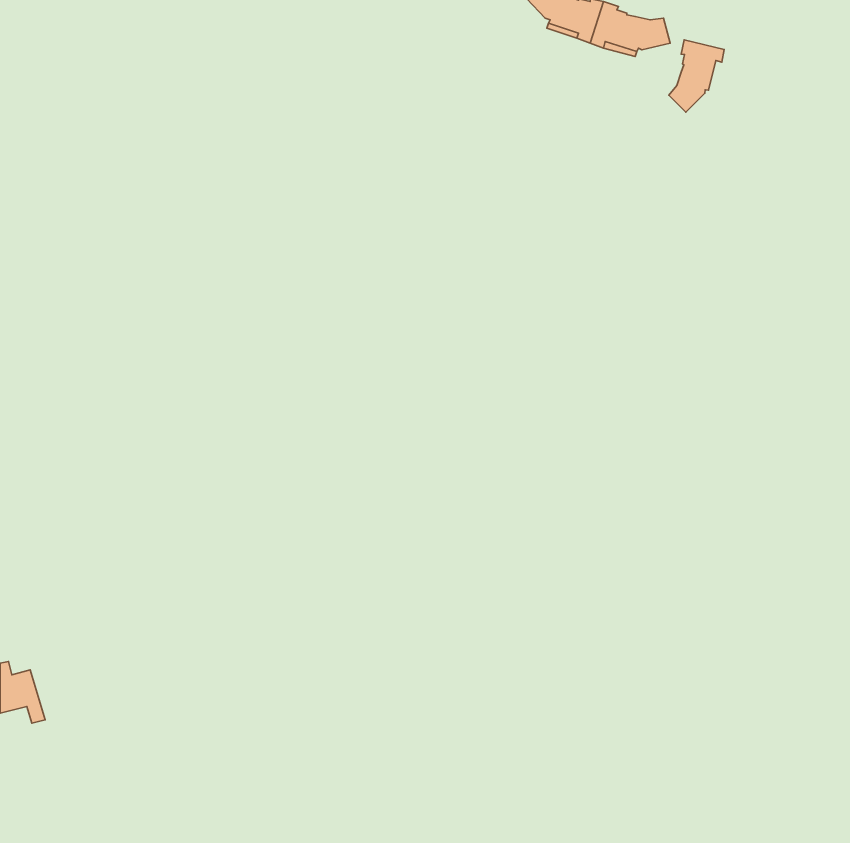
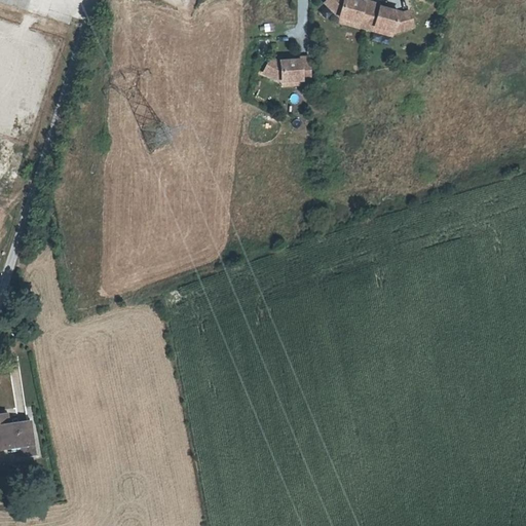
building: [669,40,724,112] -> none
building: none -> [263,57,309,84]

